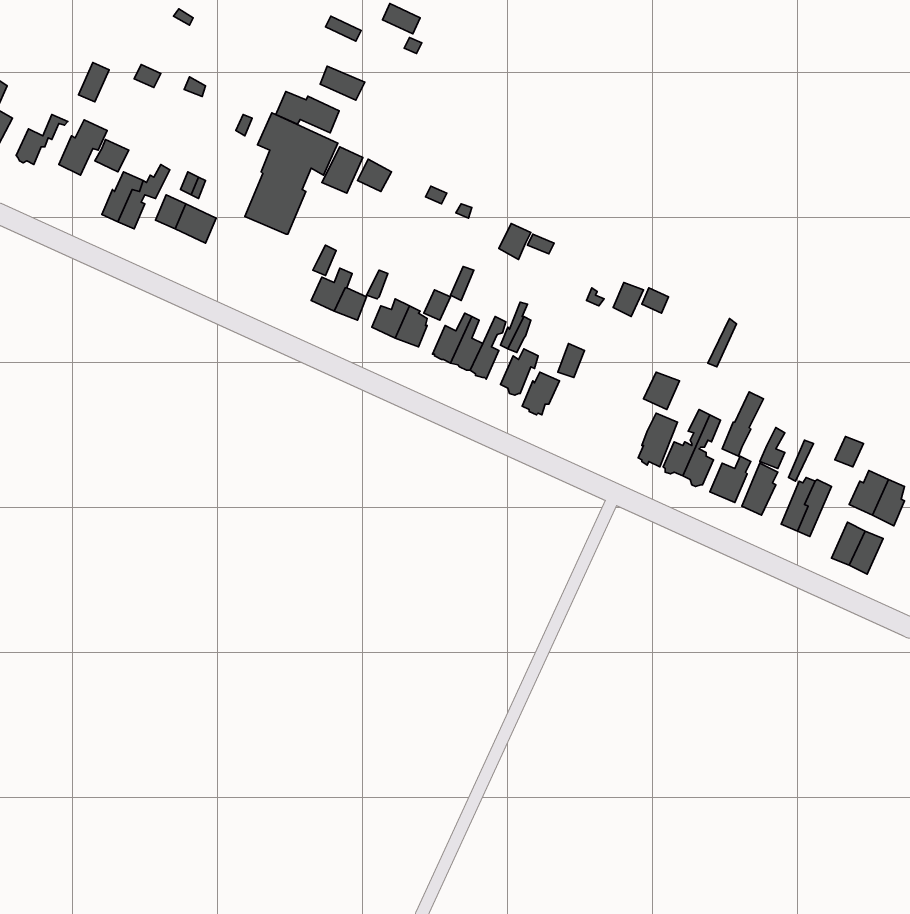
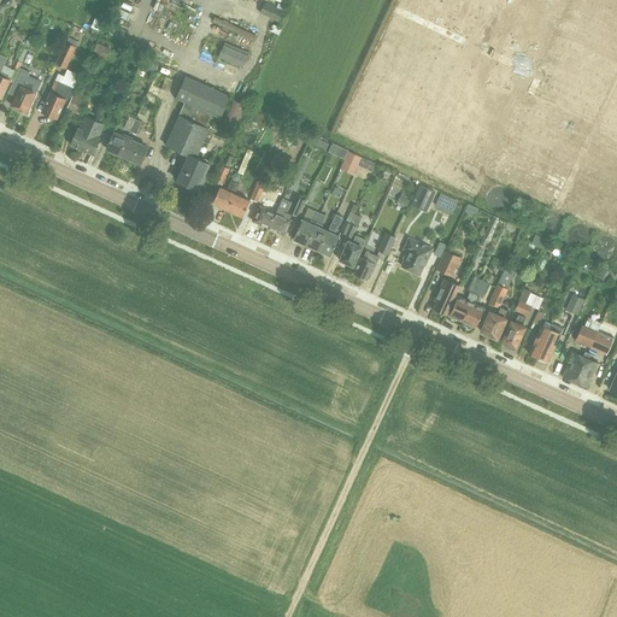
building: [276,92,339,133] -> none
building: none -> [175,153,207,189]
building: none -> [399,237,430,274]

